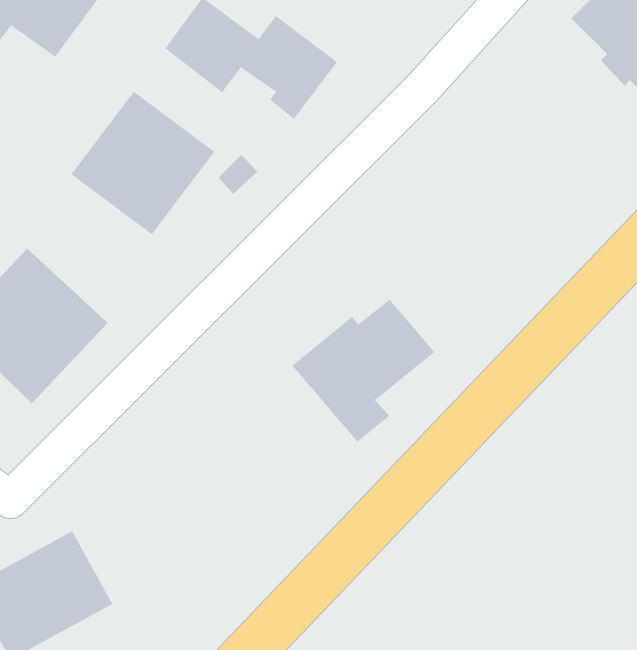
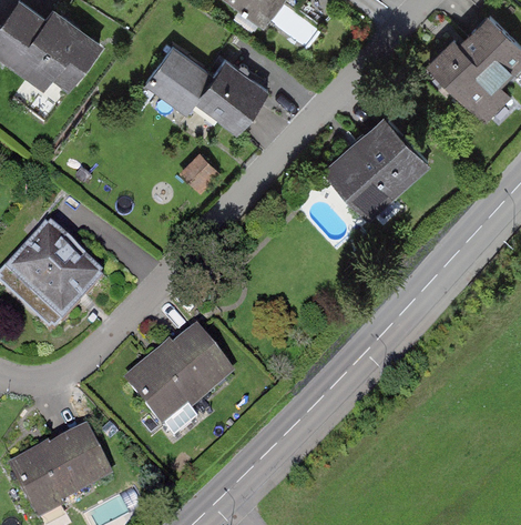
building: [71,91,215,235] -> none
building: none -> [331,121,428,220]
building: [292,299,435,442] -> [126,334,228,436]

